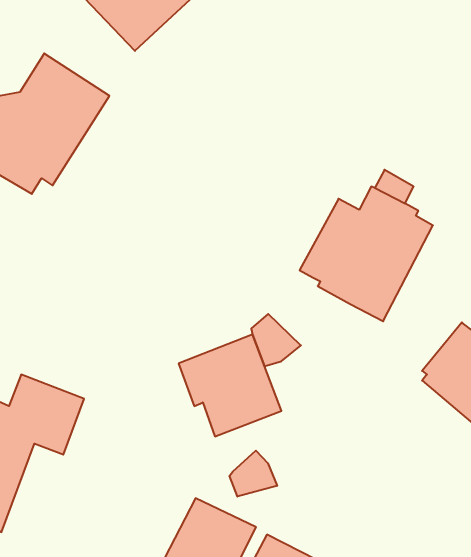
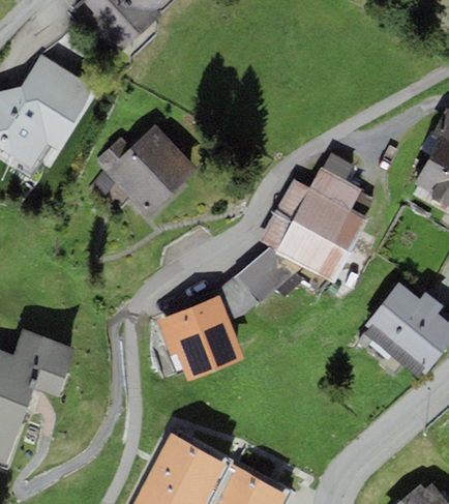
building: none -> [95,123,198,218]
building: none -> [233,245,303,303]
building: [229,451,277,497] -> none

